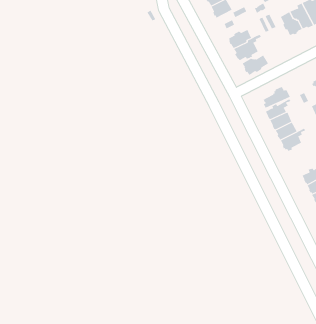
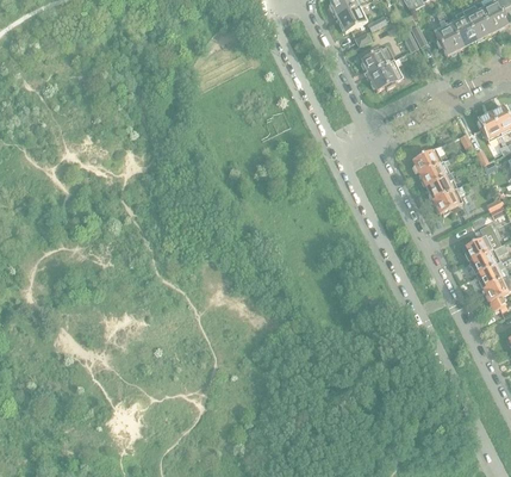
building: [242,54,269,76] -> none
building: [263,86,291,109] -> none

